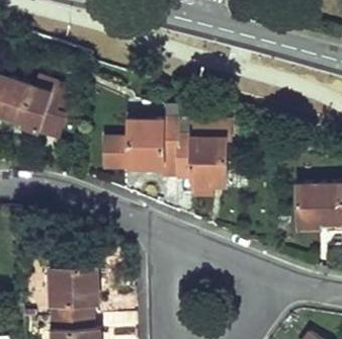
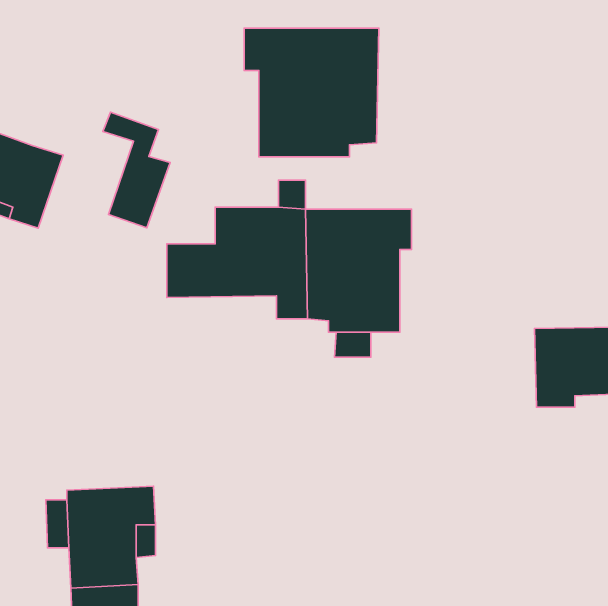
building: none -> [244,28,379,157]
building: [33,77,69,138] -> [103,112,170,228]

